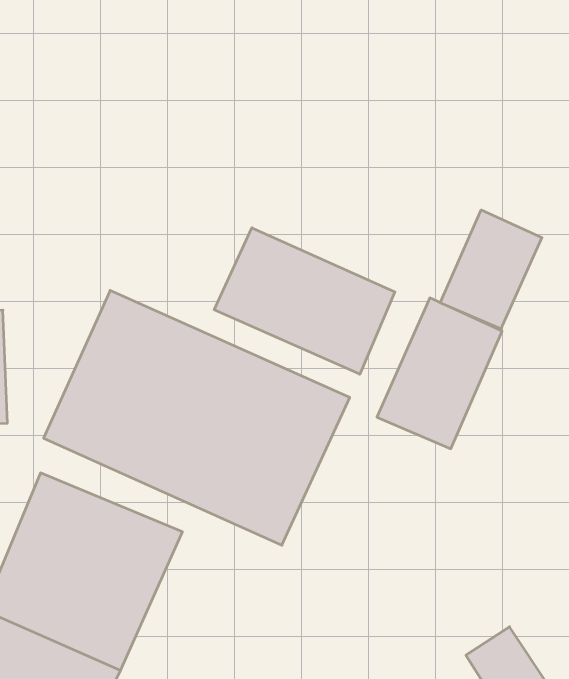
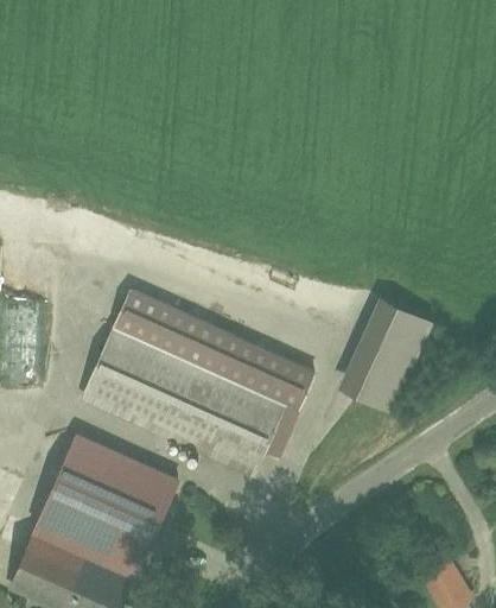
building: [440,210,542,329] -> none
building: [214,228,395,374] -> none

